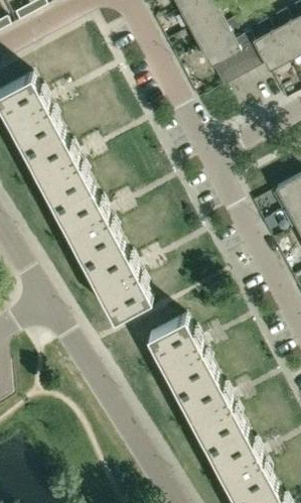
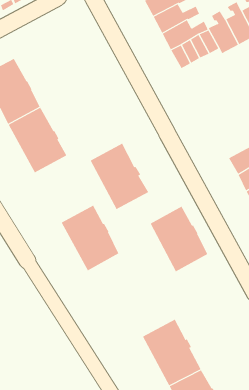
building: [53,187,121,264] -> [90,143,149,210]
building: [147,319,213,394] -> [150,206,208,272]

